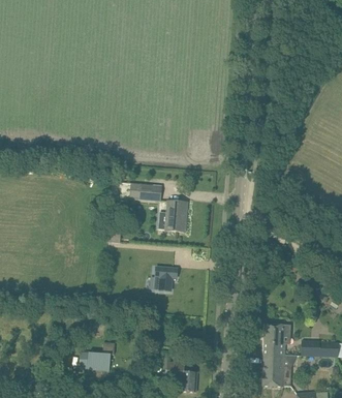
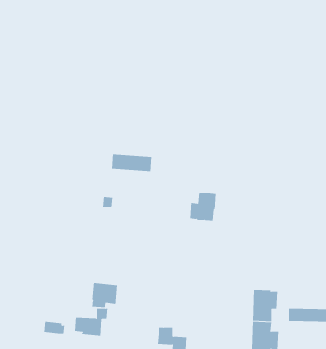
building: [159,201,187,231] -> [190,192,217,221]
building: [155,267,178,290] -> none
building: none -> [92,282,118,308]

